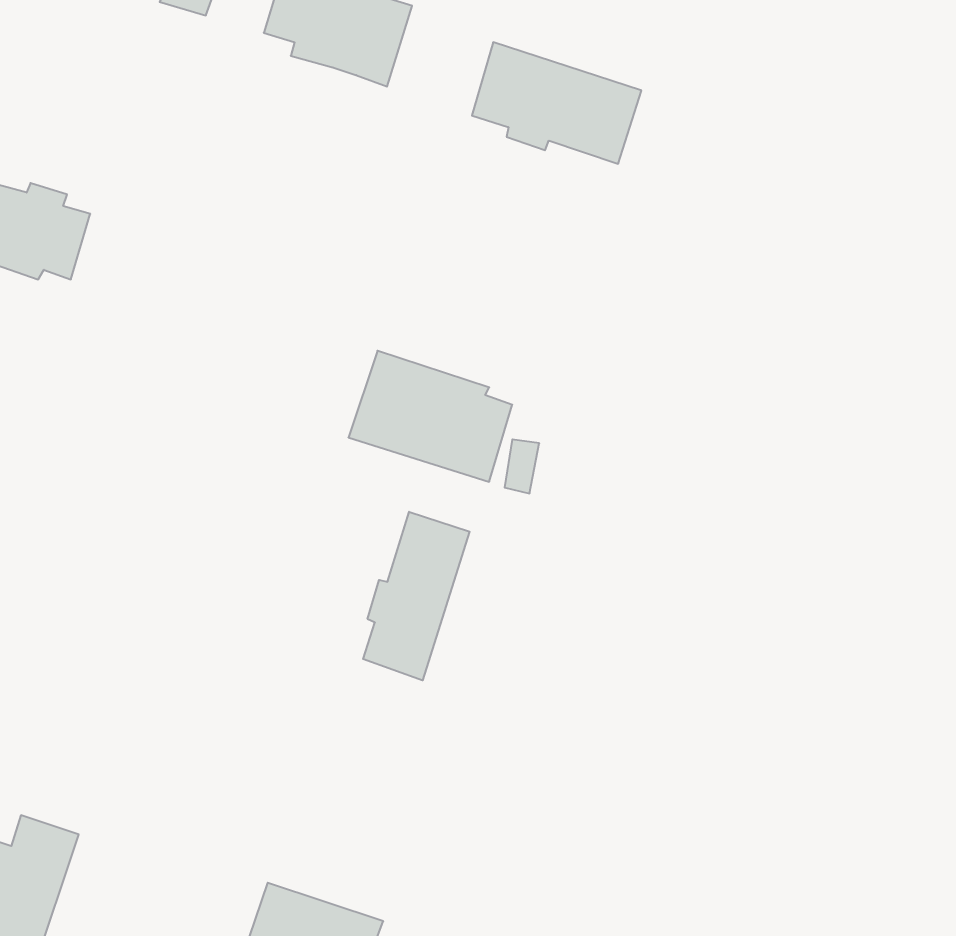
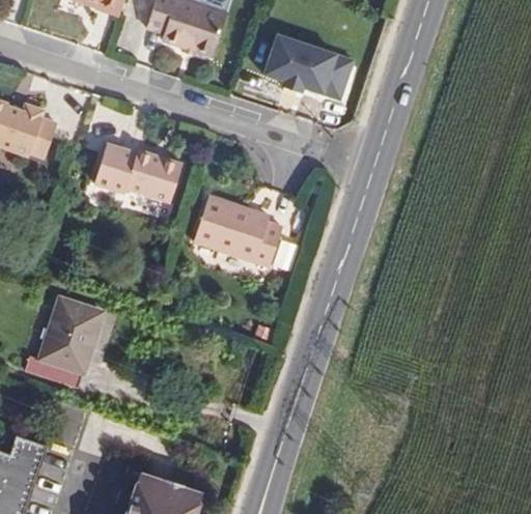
building: none -> [90,144,177,203]
building: [363,512,470,680] -> none
building: none -> [28,299,100,383]

